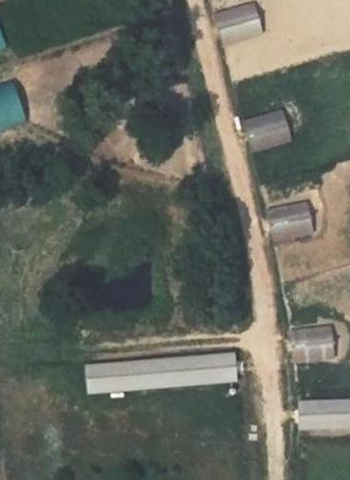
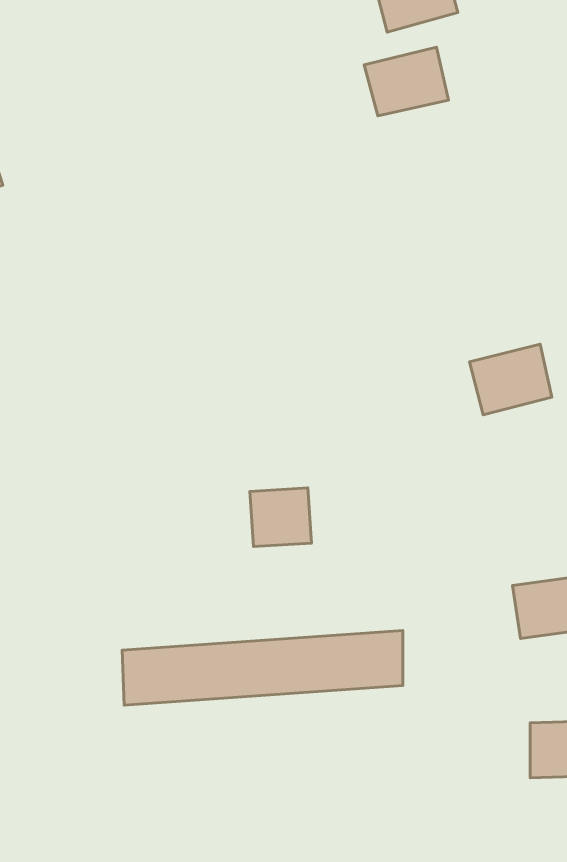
building: [246,107,290,143] -> [364,47,448,116]
building: none -> [250,488,312,547]

